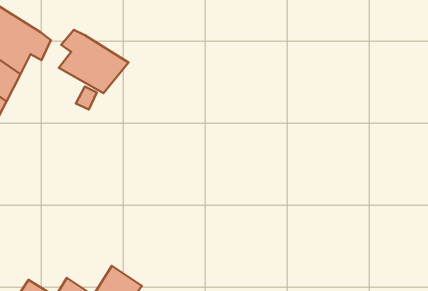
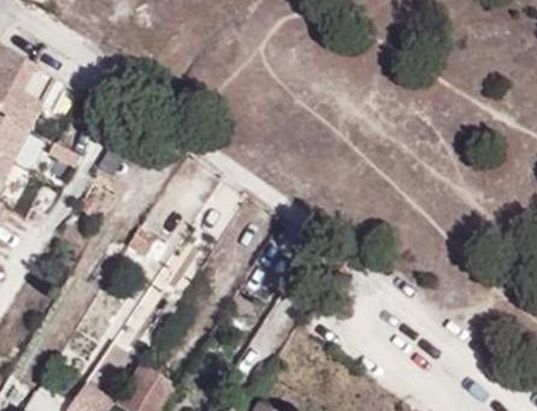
building: [59,30,128,93] -> none

